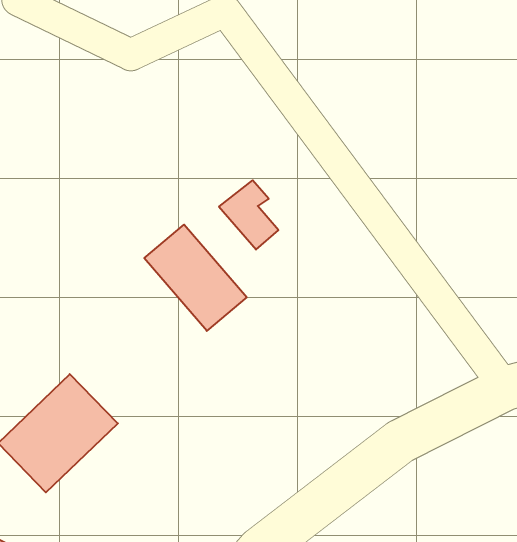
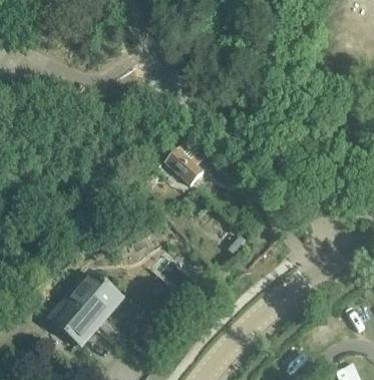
building: [144,225,247,331] -> none

